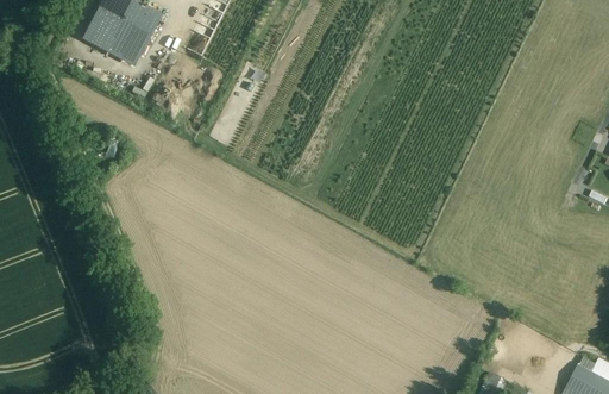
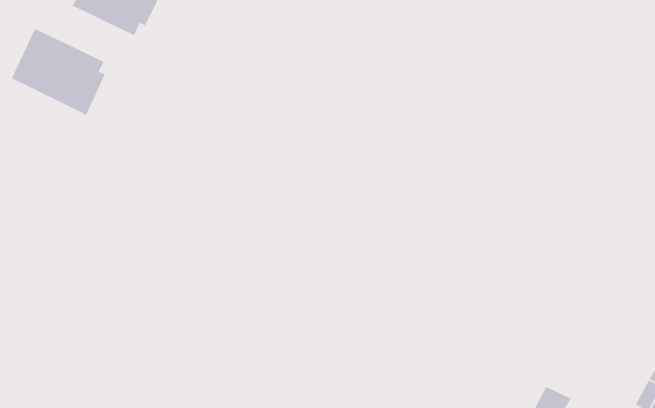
building: none -> [11,28,106,116]

